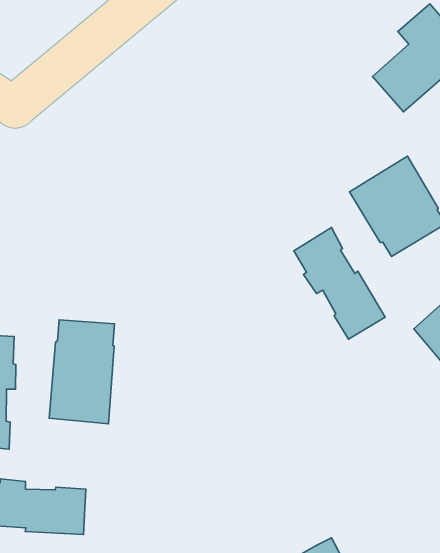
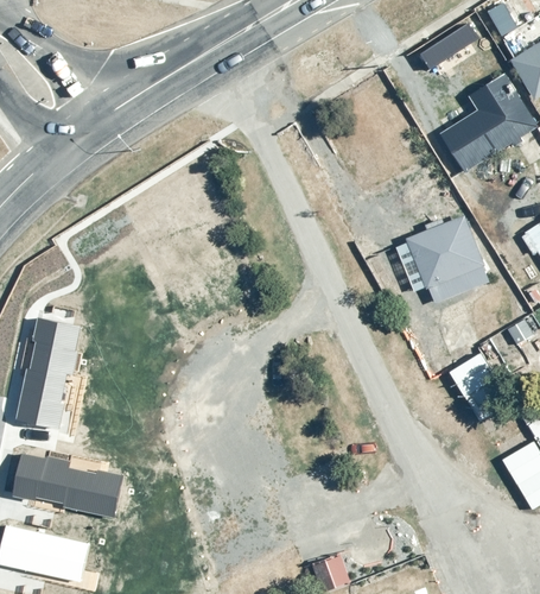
building: [294,228,385,339] -> none
building: [49,320,115,424] -> none

